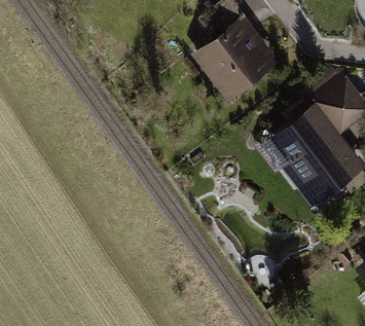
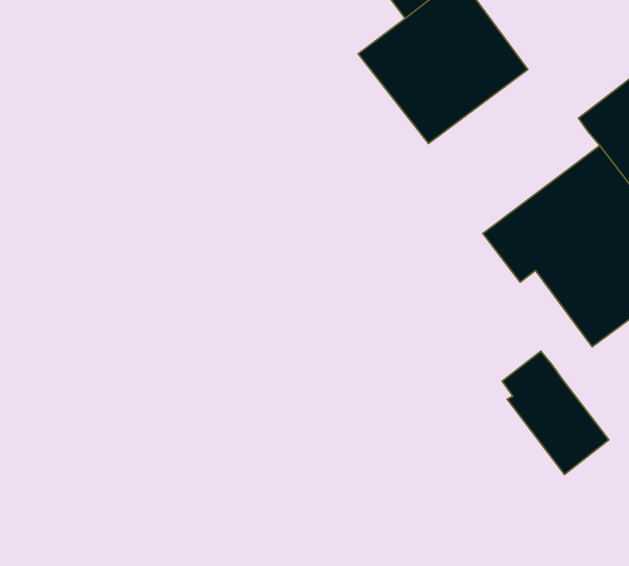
building: none -> [502,351,609,475]

